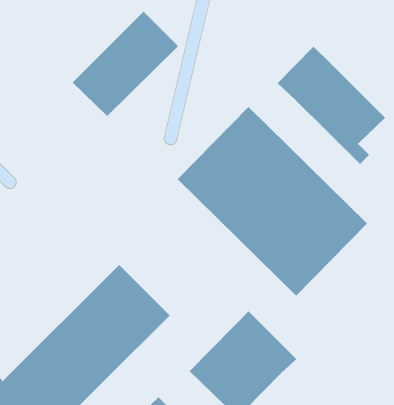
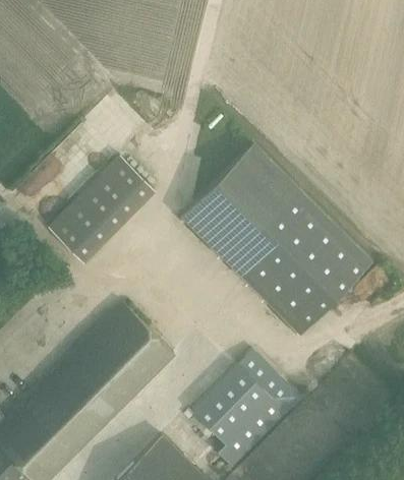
building: [72,11,179,117] -> [48,156,156,262]
building: [277,46,386,165] -> none

